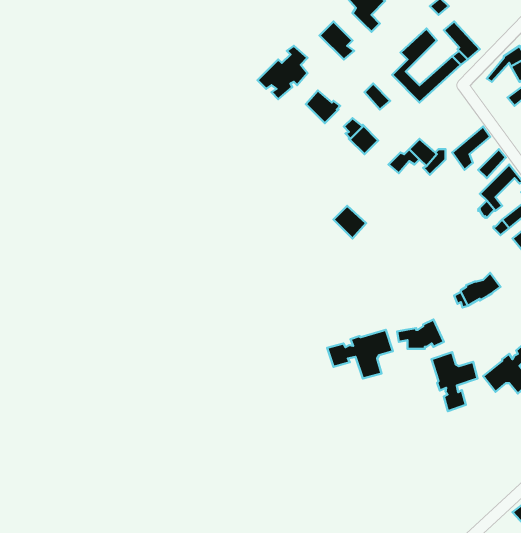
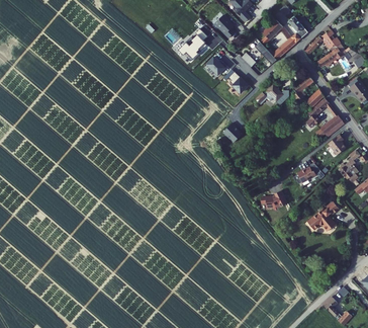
building: [327,330,393,379] -> none
building: [432,352,477,411] -> none

